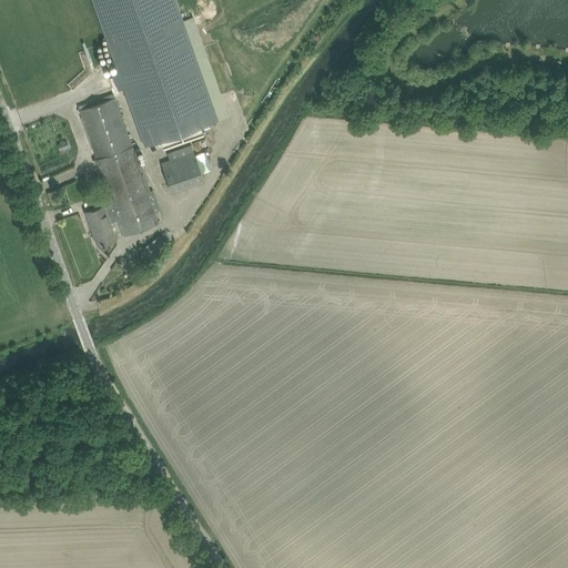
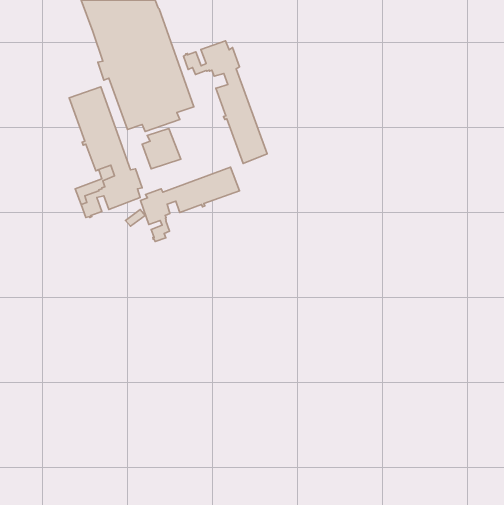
building: none -> [184,41,267,163]
building: none -> [140,167,239,241]

